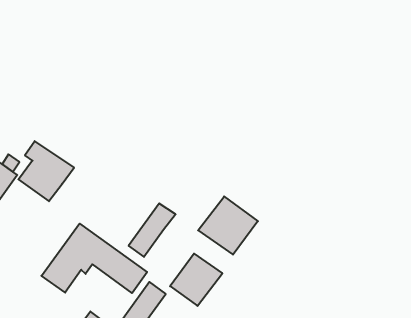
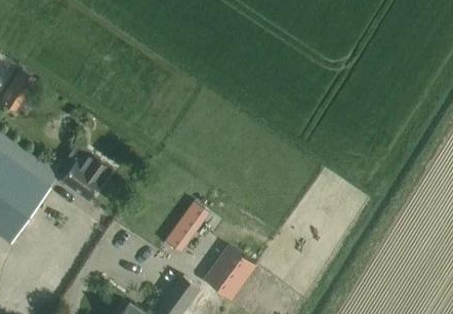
building: [198,196,258,255] -> none
building: [41,224,147,293] -> none

